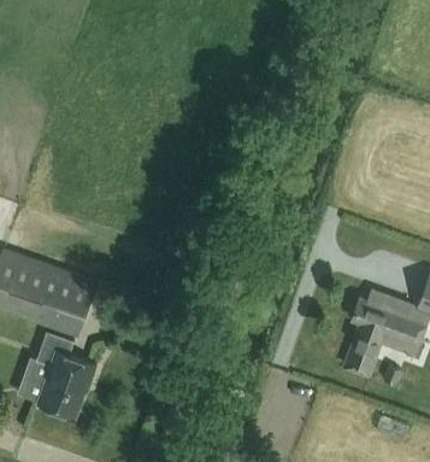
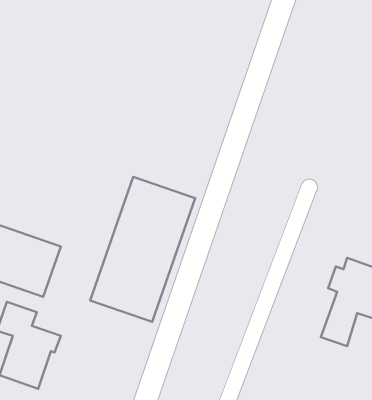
building: none -> [90,177,195,322]

